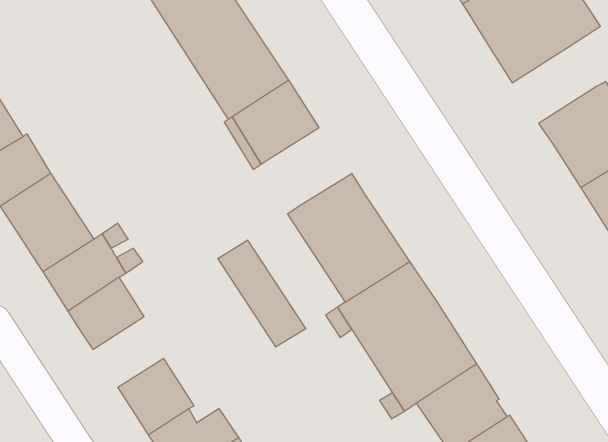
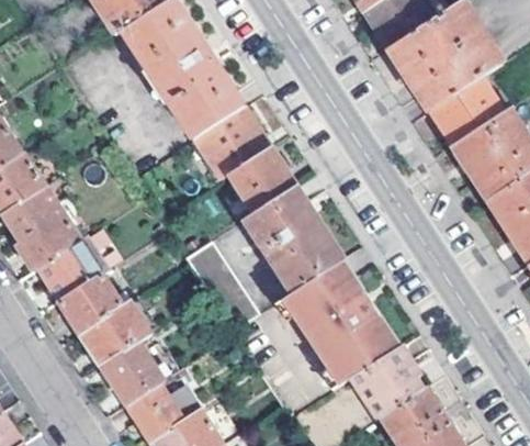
building: none -> [430,80,500,145]
building: none -> [227,148,295,214]
building: none -> [80,301,151,366]

